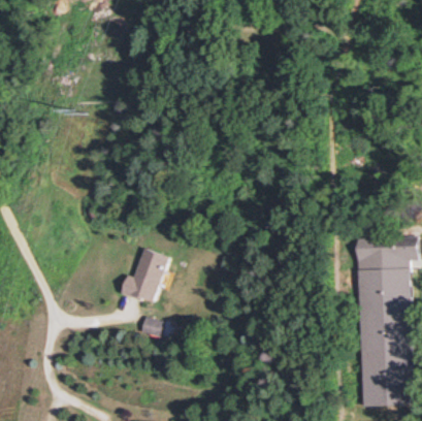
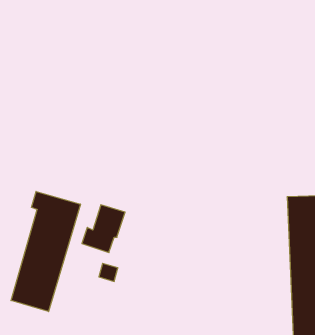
building: none -> [11,191,80,312]

